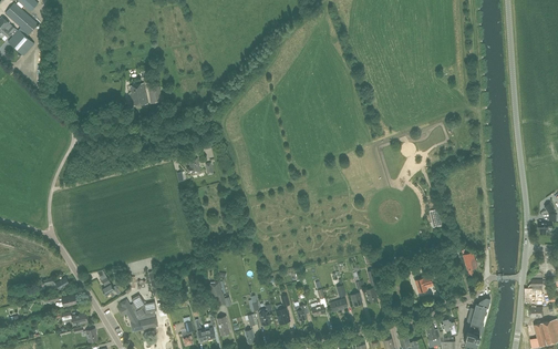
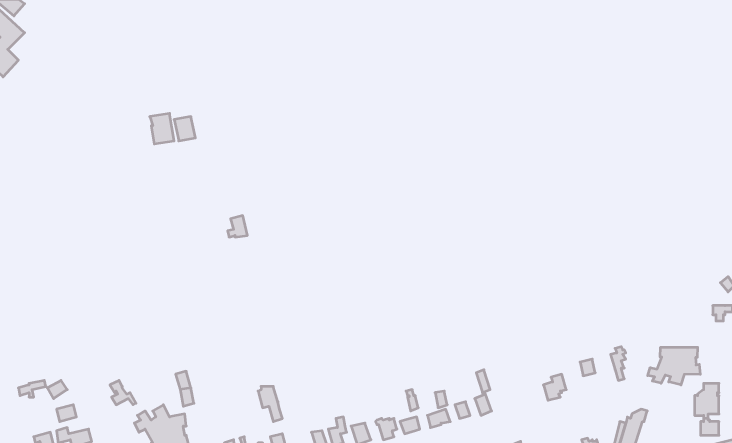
building: none -> [648,347,700,385]

